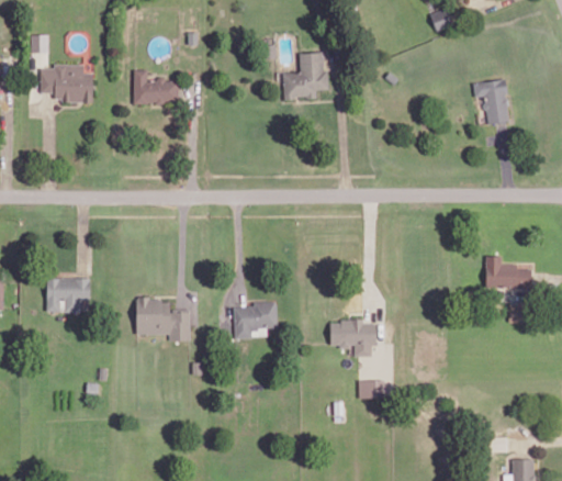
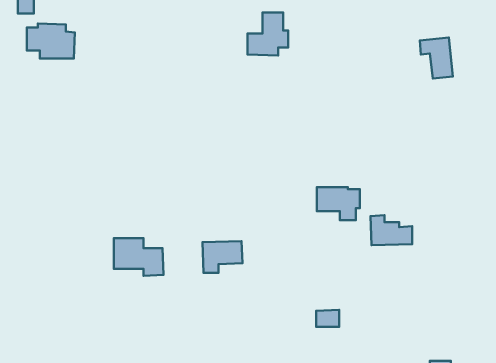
building: [133,69,178,104] -> none
building: [485,256,531,289] -> [370,215,412,245]
building: [46,278,90,312] -> none
building: [329,321,376,357] -> [317,187,360,220]

